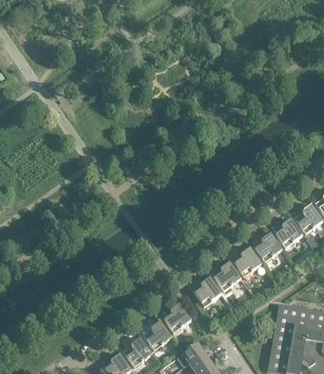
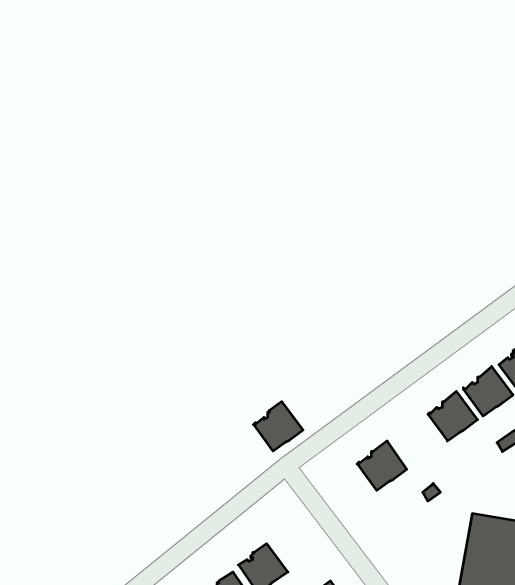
building: [232,247,261,275] -> none
building: [192,276,221,305] -> [253,402,303,451]
building: [163,303,190,332] -> none

